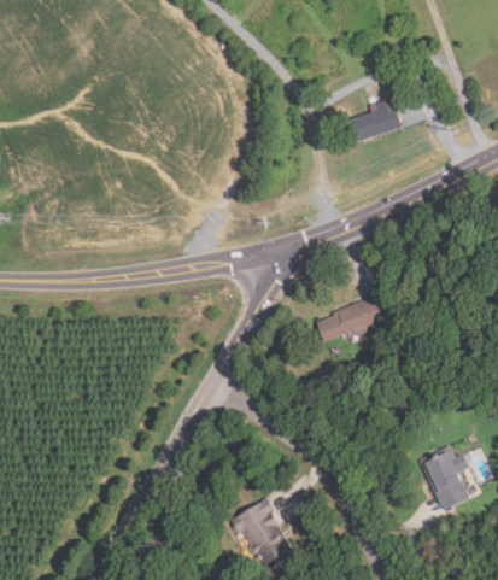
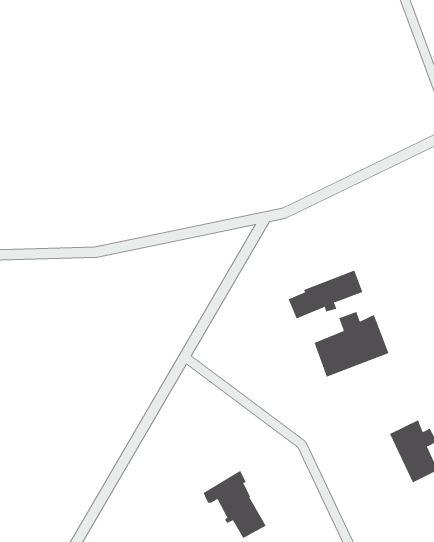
building: [348,98,399,141] -> none
building: none -> [314,311,389,378]

